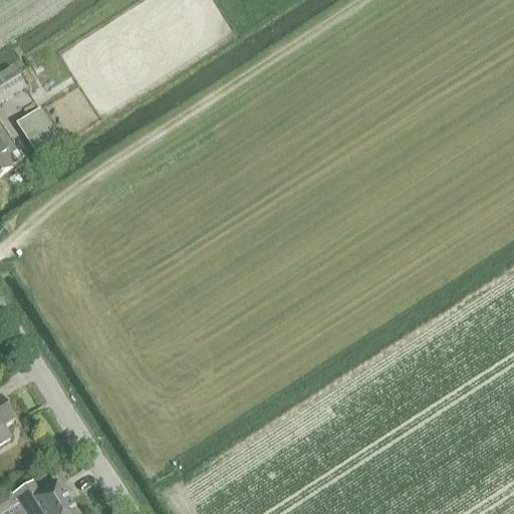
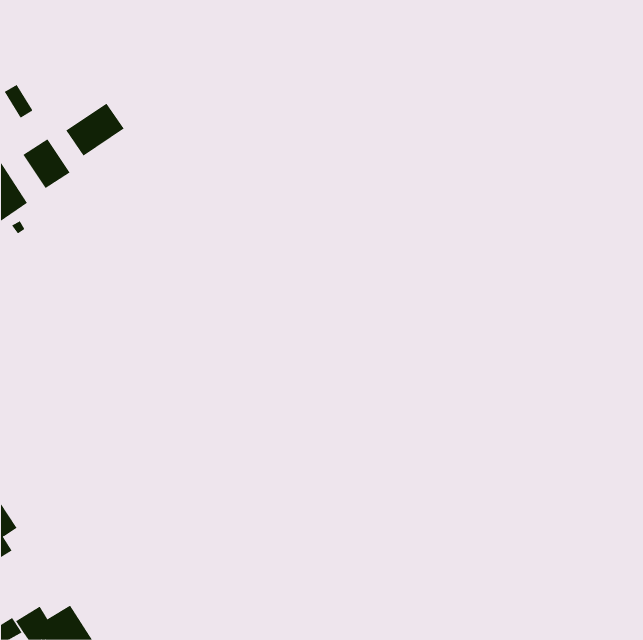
building: none -> [65,103,125,156]

